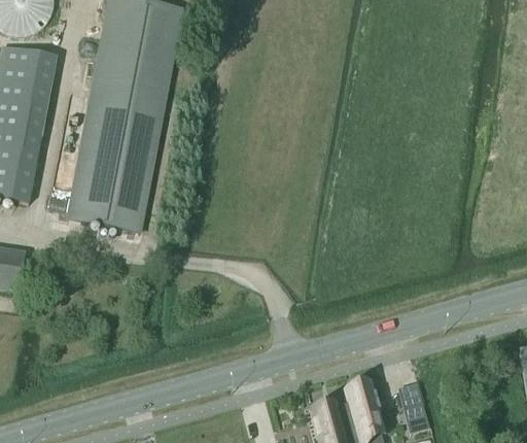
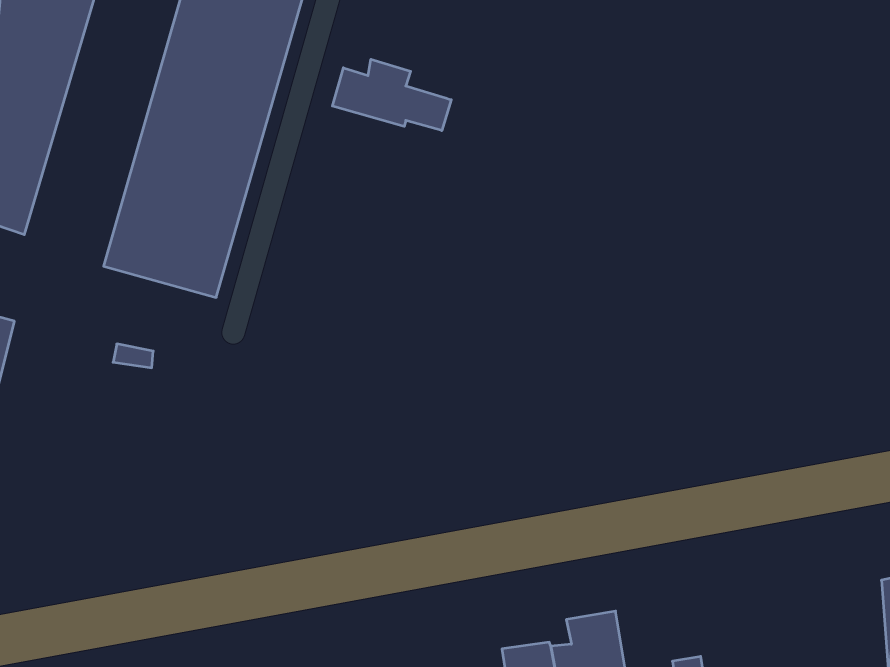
building: none -> [332,59,451,131]

